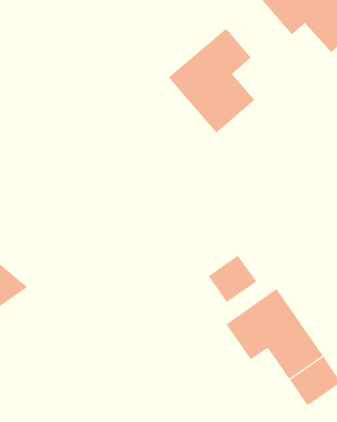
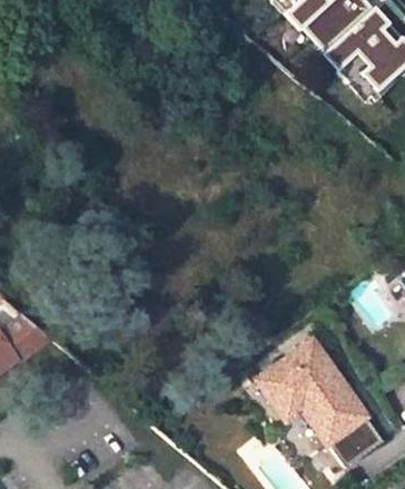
building: [168,28,255,133] -> none
building: [208,255,257,303] -> none

